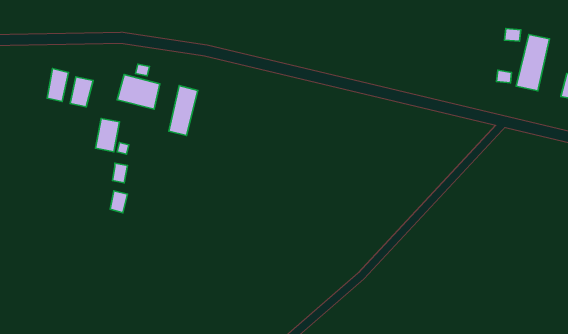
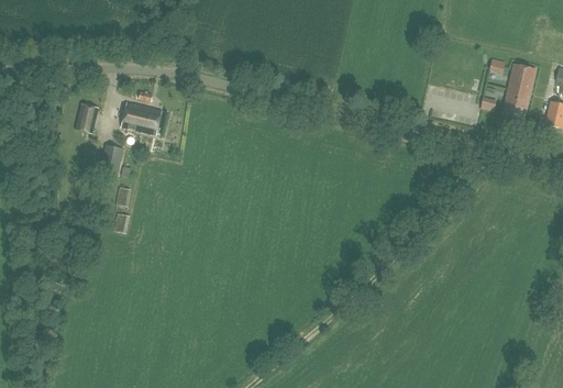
building: [47,69,69,102] -> none
building: [169,86,198,136] -> none

